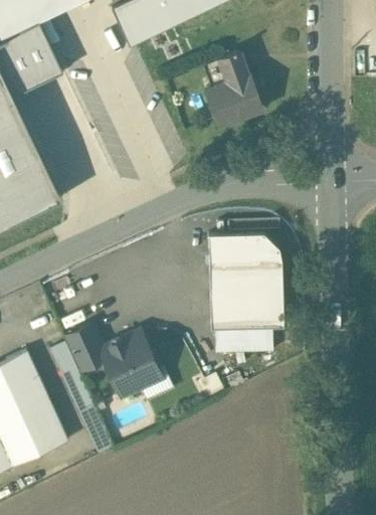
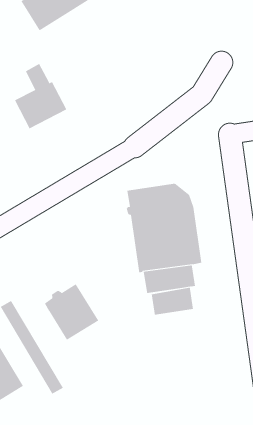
building: [204,53,262,126] -> [14,63,67,129]
building: [64,326,105,370] -> none
building: none -> [151,287,194,316]

